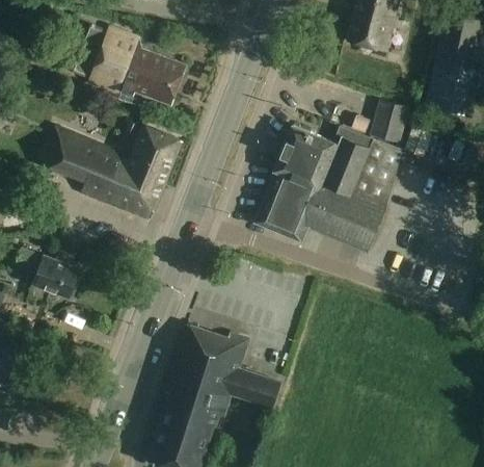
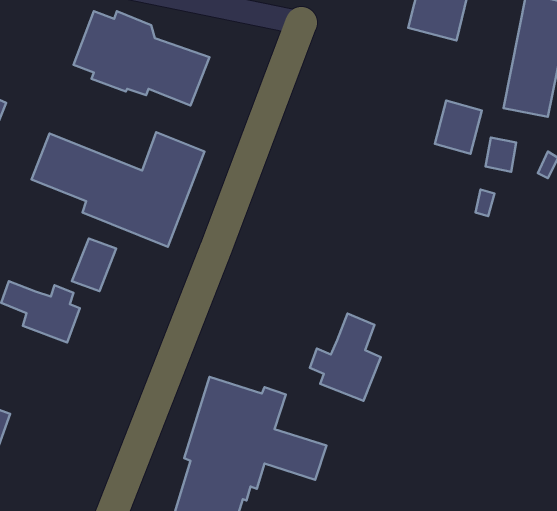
building: [256,125,402,250] -> none
building: none -> [72,239,116,291]
building: none -> [310,314,381,401]

